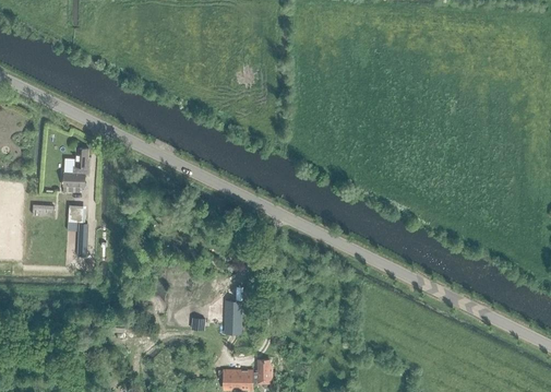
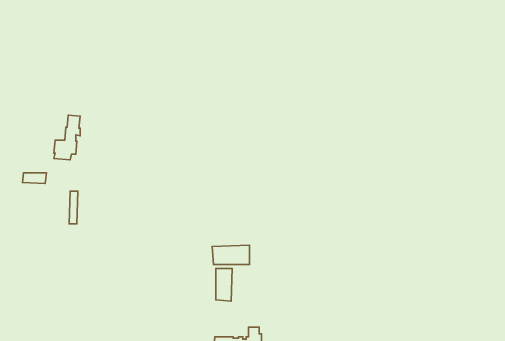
building: none -> [212,245,250,264]

